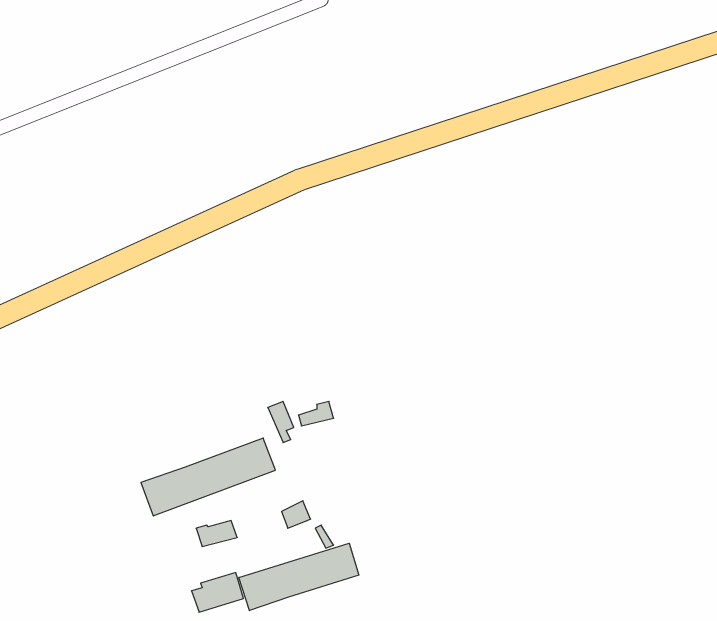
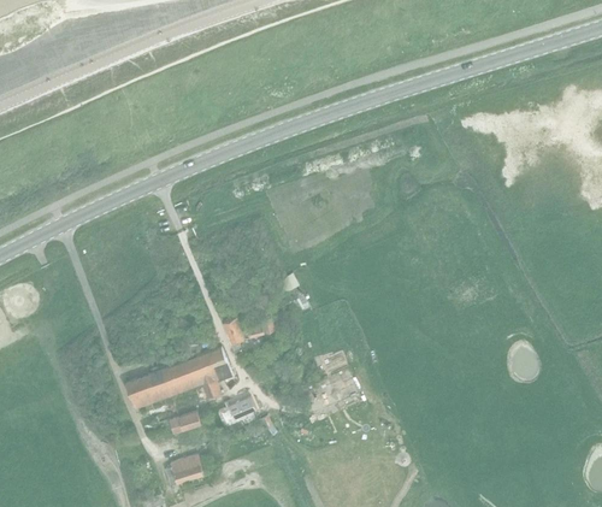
building: [239,543,359,611] -> none

